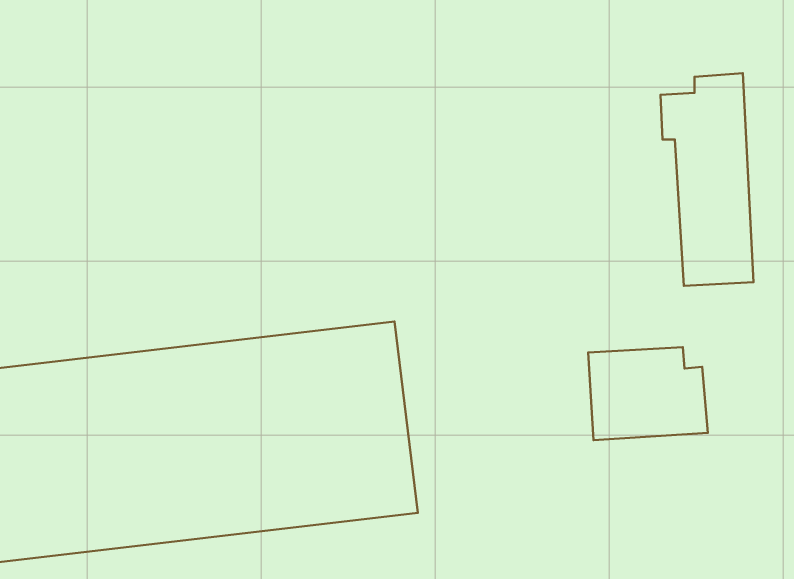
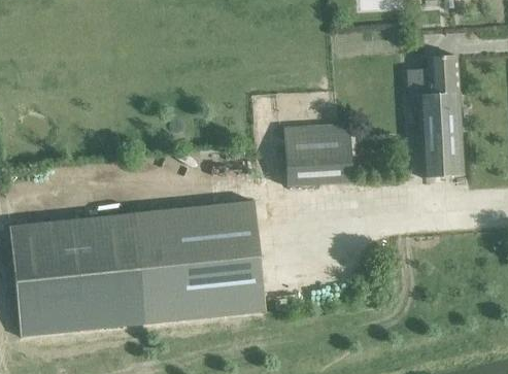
building: [588,347,708,440] -> [284,131,353,184]

